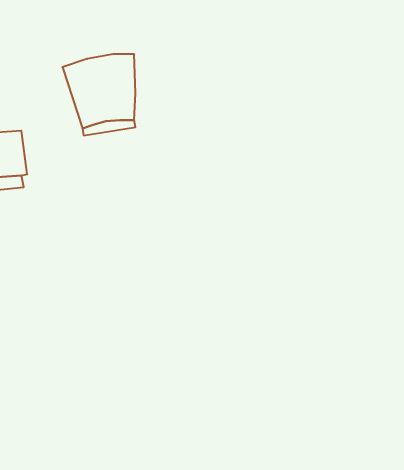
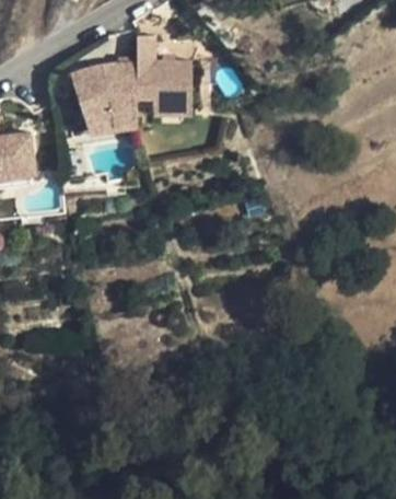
building: none -> [137,34,191,108]

